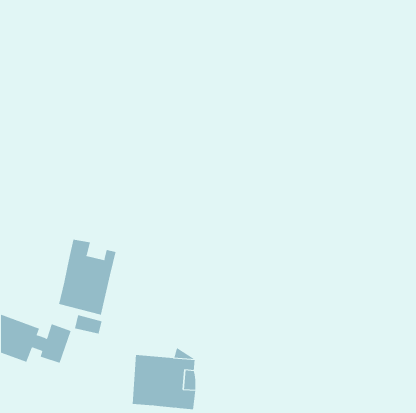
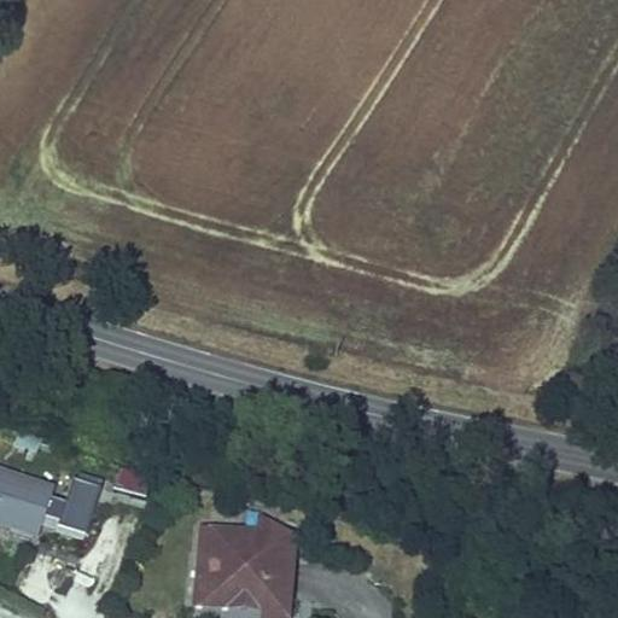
building: [58,239,116,316] -> none

